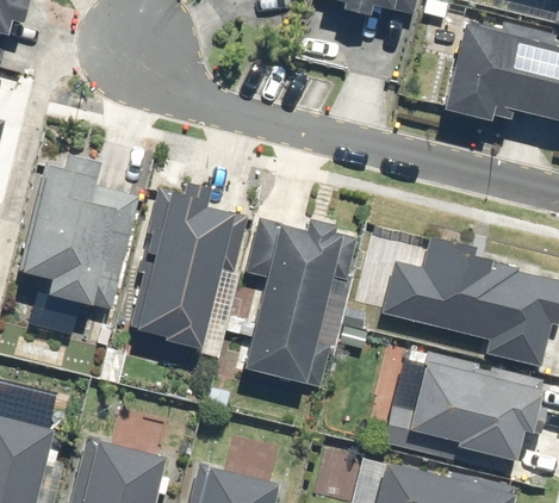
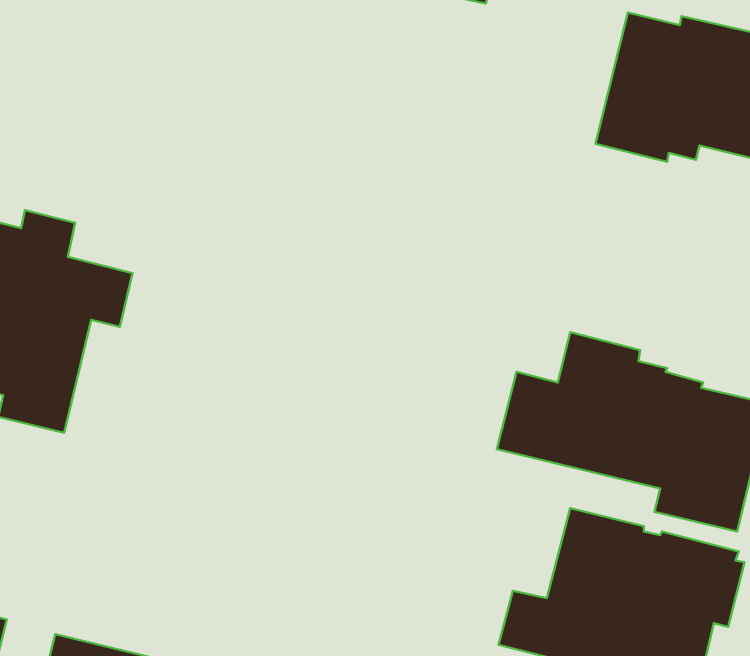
building: [131,180,248,348] -> none
building: [246,218,344,381] -> none

